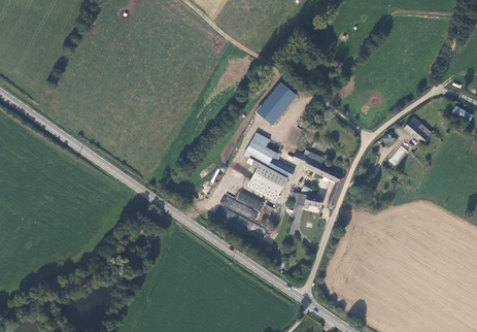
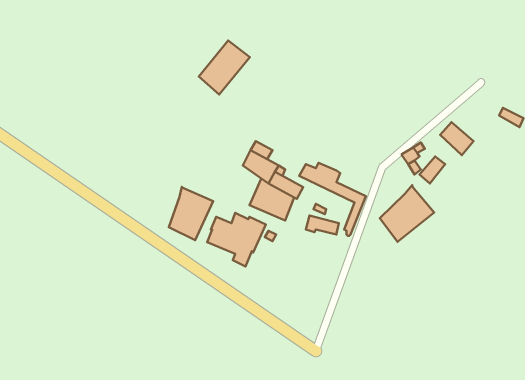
building: [255,84,297,127] -> [199,41,250,94]
building: none -> [380,185,434,242]
building: none -> [169,187,213,240]

